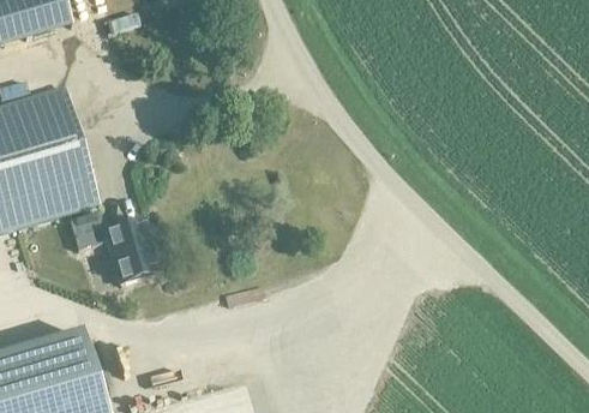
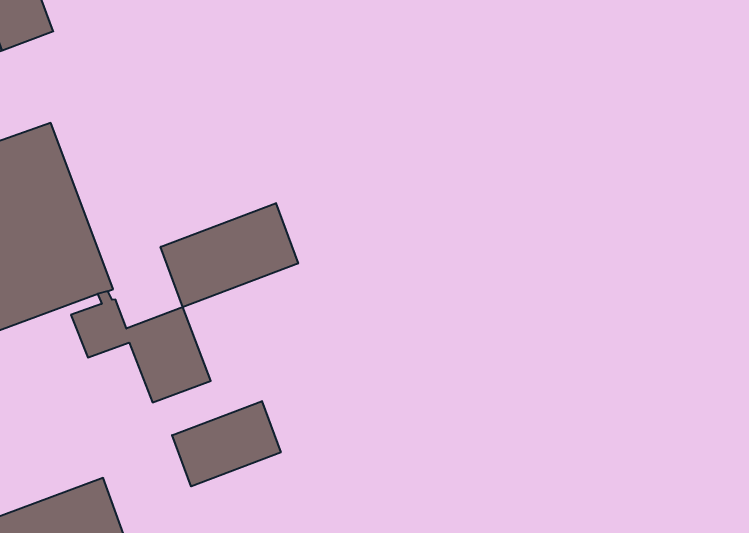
building: none -> [161,203,298,307]
building: none -> [172,401,281,486]

